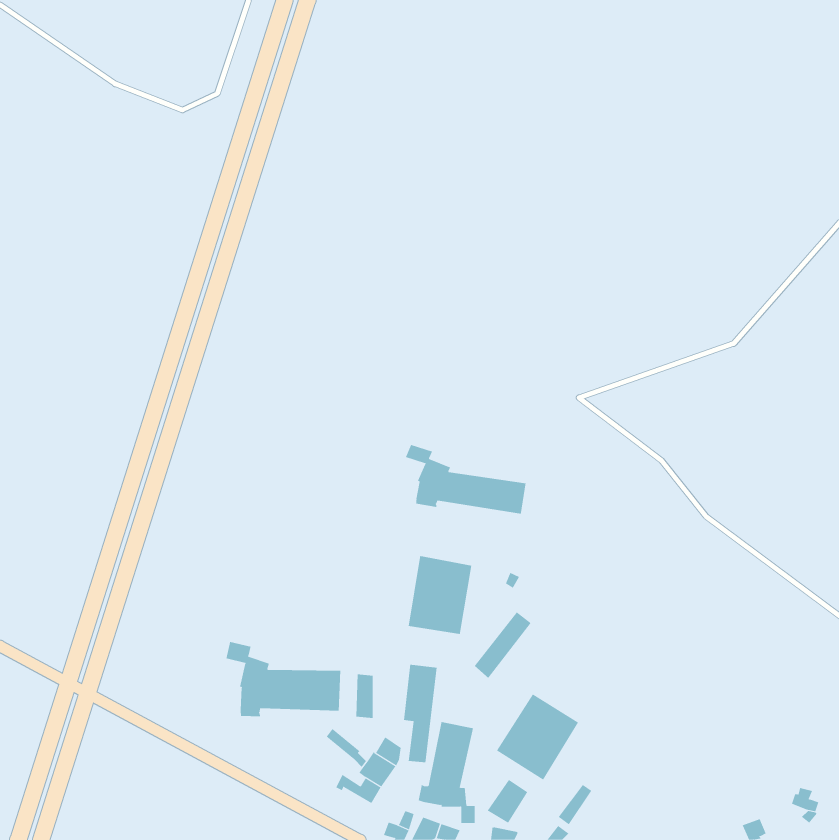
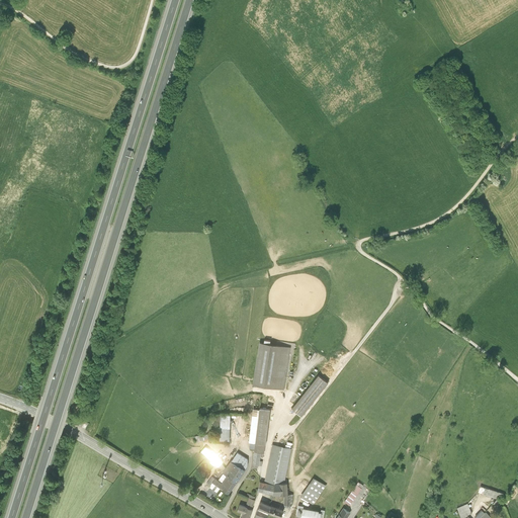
building: [405,444,526,514] -> none
building: [226,641,341,717] -> none
building: [496,693,579,781] -> none

